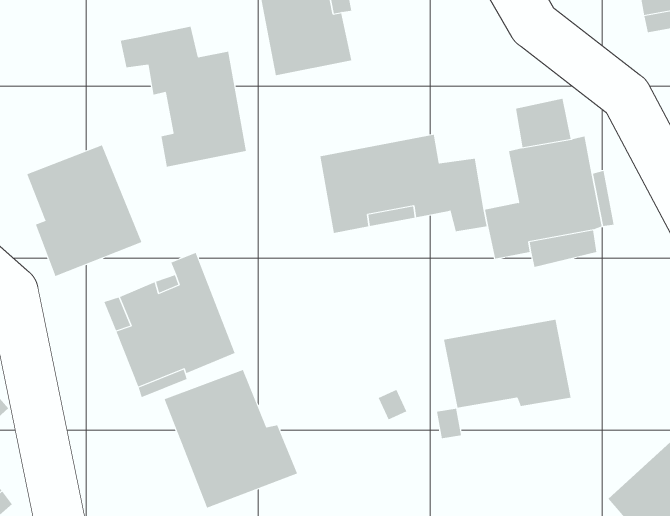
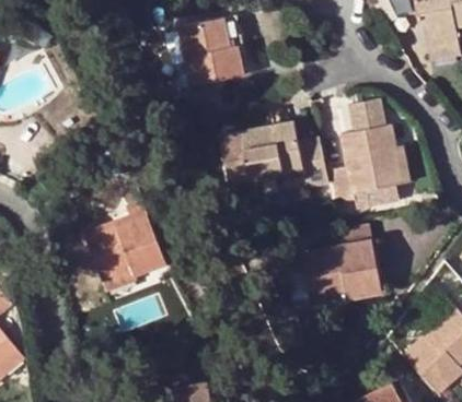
building: [120,26,246,167] -> none
building: [27,144,142,277] -> none
building: [164,369,298,508] -> none

